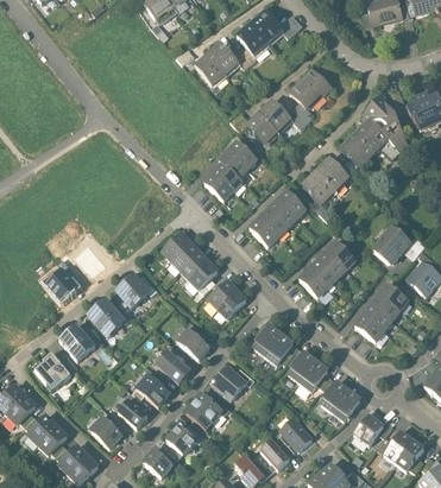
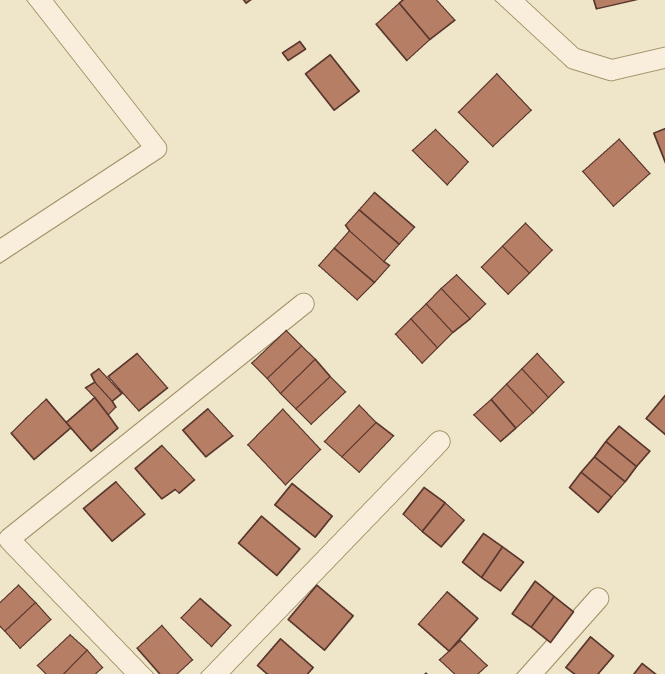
building: [209,44,241,78] -> none
building: [246,115,282,151] -> none
building: [340,128,385,172] -> none
building: [373,228,410,265] -> none
building: none -> [11,399,71,460]
building: none -> [248,409,321,485]
building: [33,351,71,382] -> none
building: [210,361,247,398] -> [418,592,478,651]
building: [133,367,171,403] -> none

